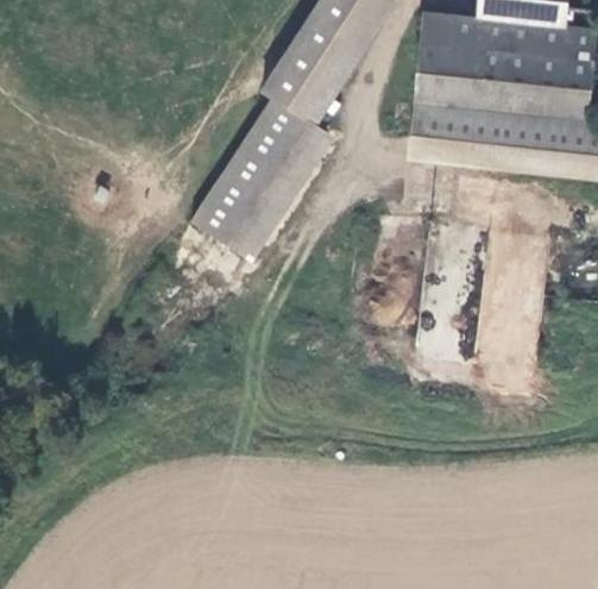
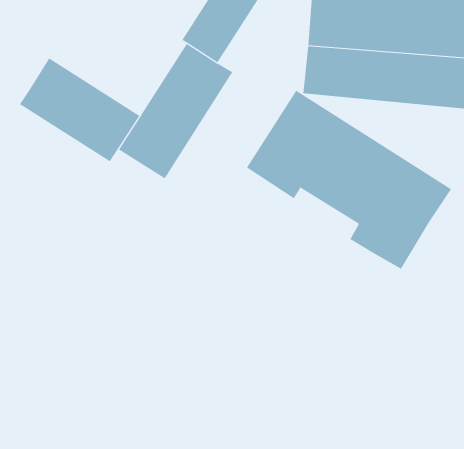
building: none -> [19,58,140,162]
building: none -> [246,90,452,270]

